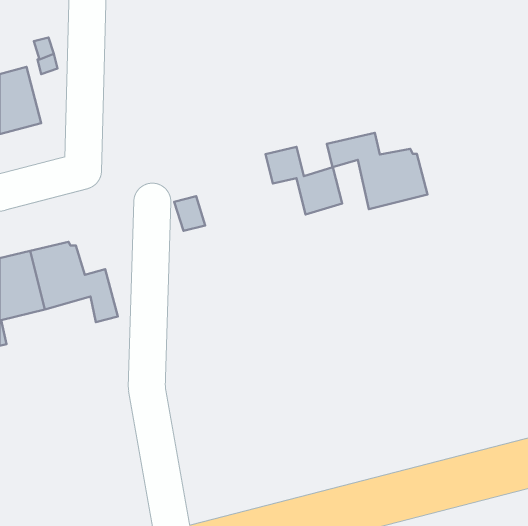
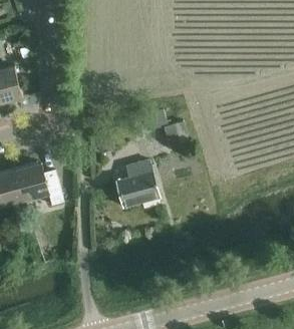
building: [327,133,428,209] -> none
building: none -> [114,161,159,208]

